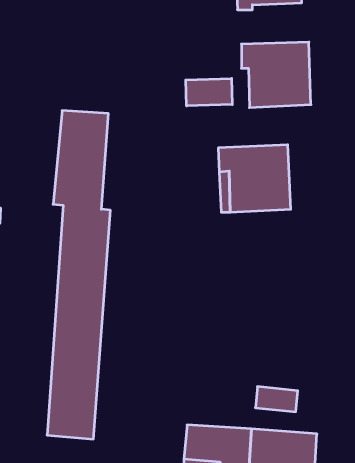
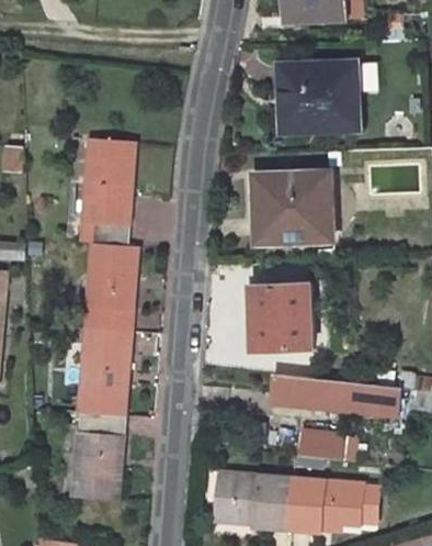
building: [186,78,232,106] -> none
building: none -> [255,283,317,350]
building: none -> [261,375,401,415]

